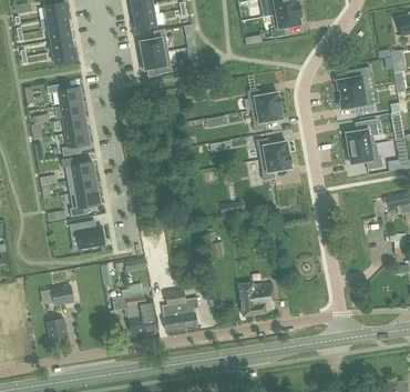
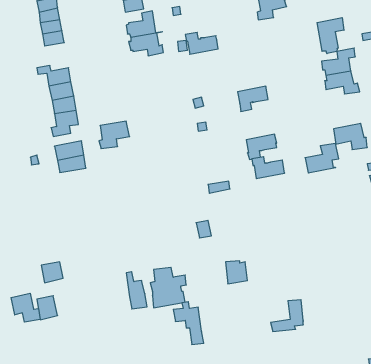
building: none -> [317,18,344,54]
building: [246,89,279,111] -> [185,32,218,54]
building: [345,119,379,149] -> [305,144,339,173]
building: [255,138,288,160] -> [252,157,285,179]
building: [69,189,100,217] -> [99,121,130,149]
building: [69,222,104,249] -> none
building: [240,283,274,315] -> [271,300,303,331]
building: [112,290,143,333] -> [173,302,204,344]
building: none -> [11,293,40,322]

